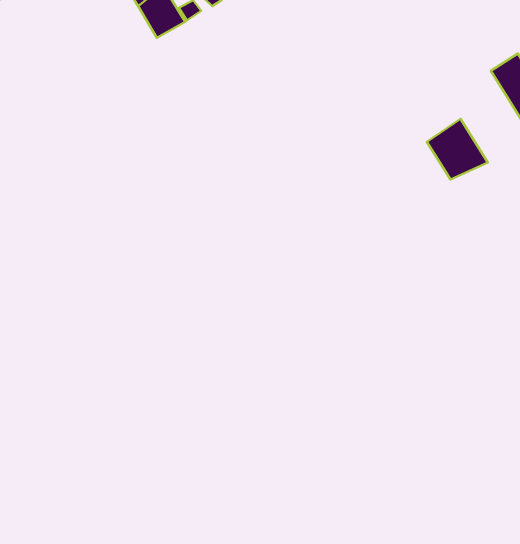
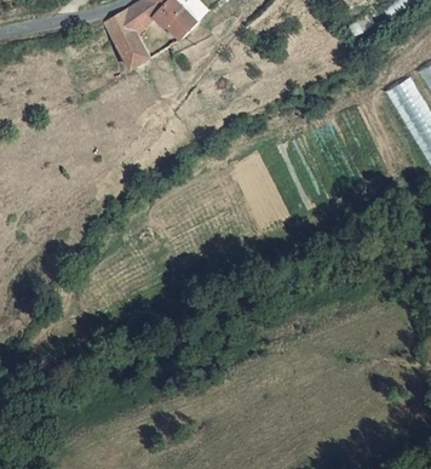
building: [427,119,488,180] -> none

